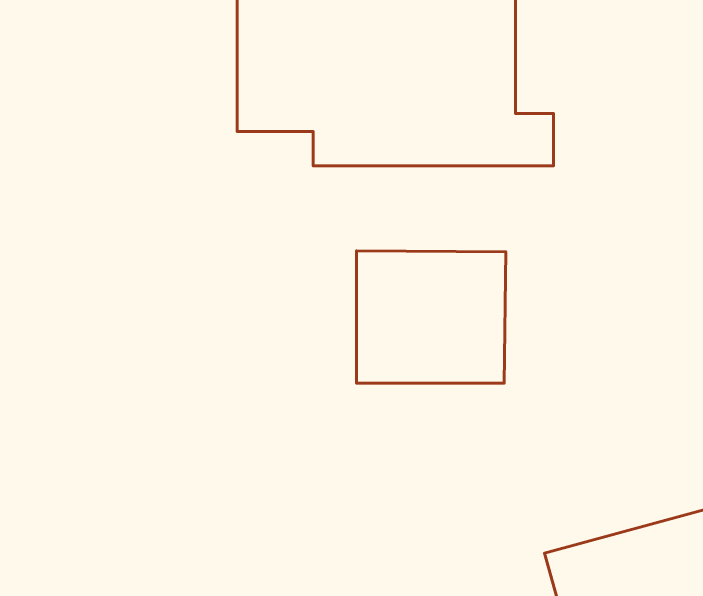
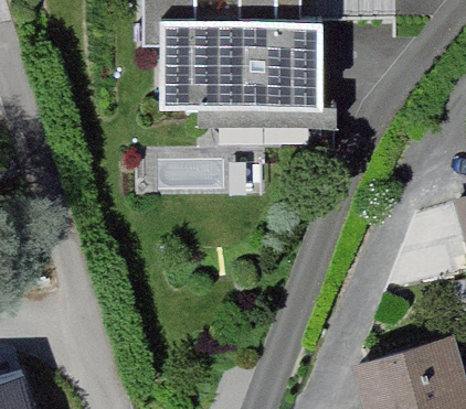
building: [357,251,506,383] -> none

